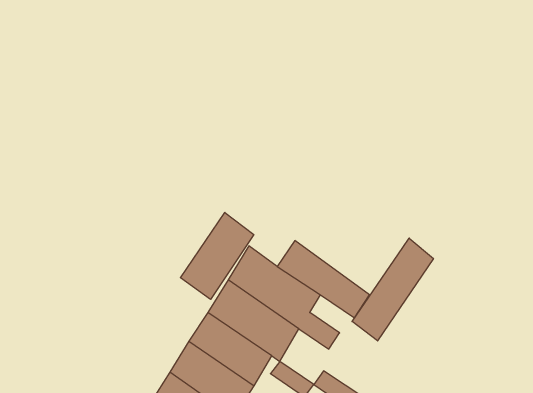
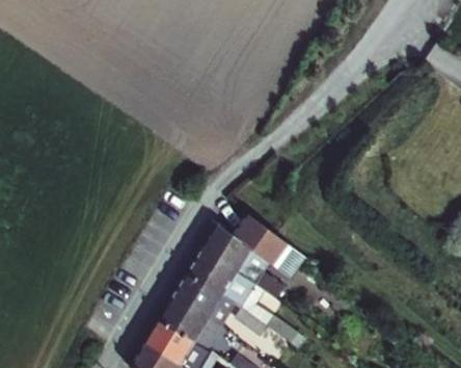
building: [180,212,254,299] -> none
building: [352,238,433,341] -> none

